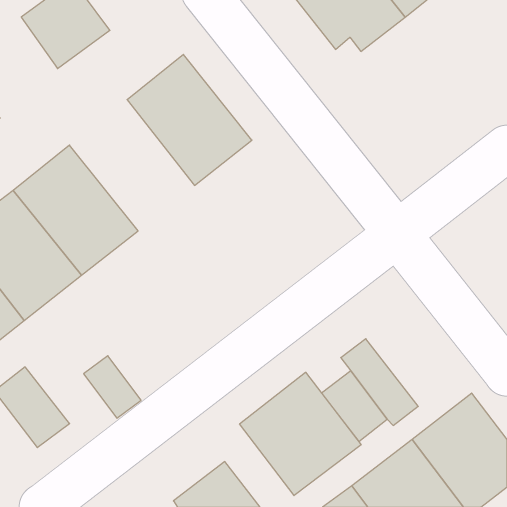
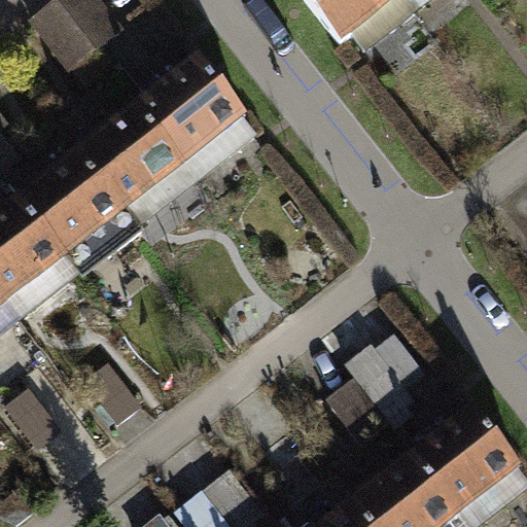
building: none -> [71,102,199,236]
building: [240,372,361,496] -> none

